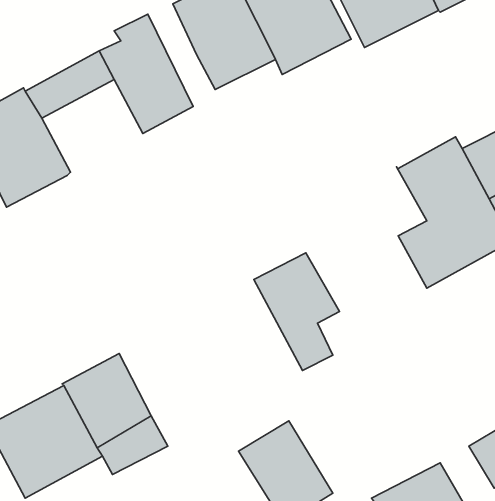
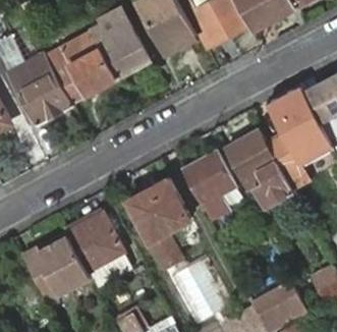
building: none -> [53,50,114,106]
building: none -> [224,129,294,206]
building: none -> [126,180,188,271]

